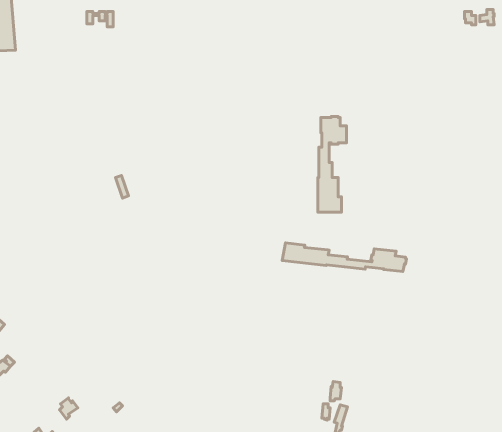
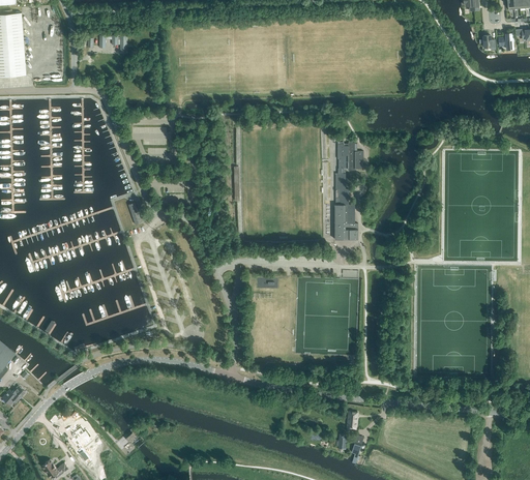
building: [282,243,407,272] -> none

